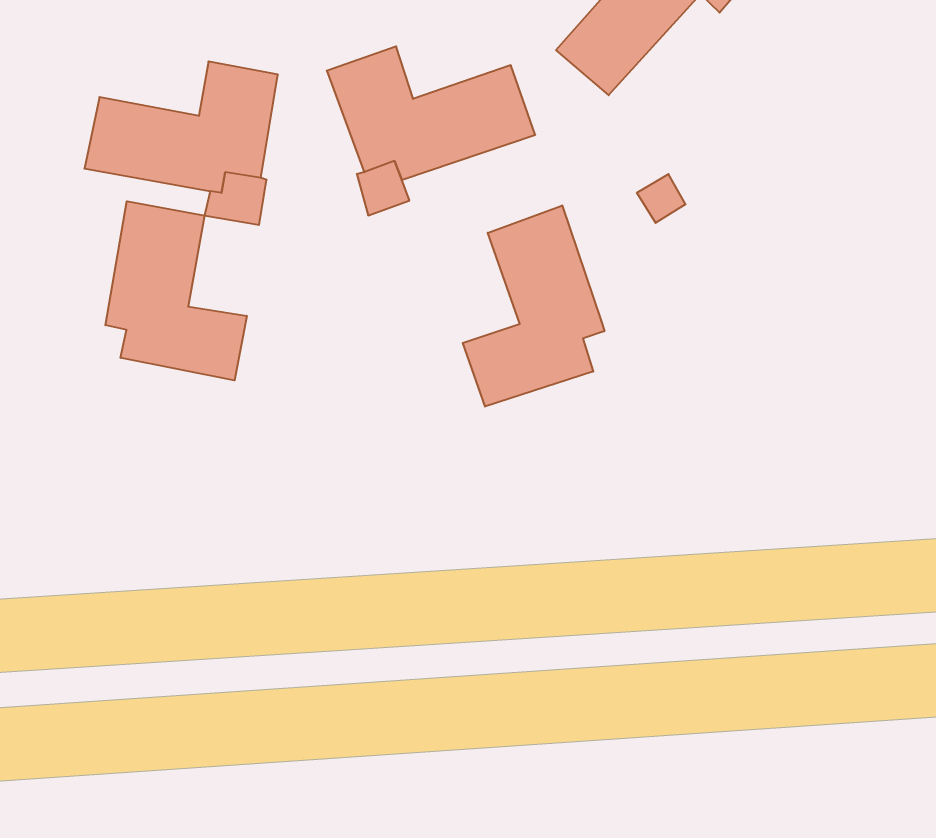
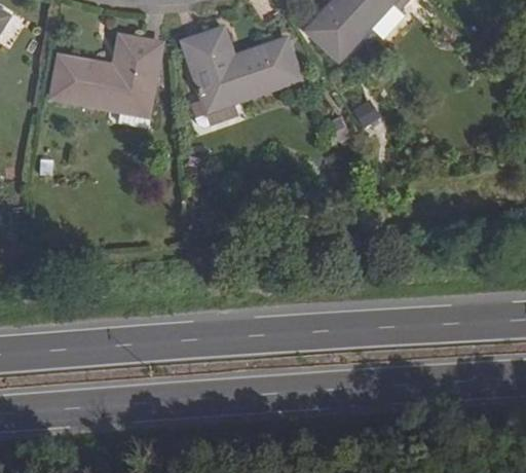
building: [105,201,247,380] -> none
building: [463,205,604,407] -> none

